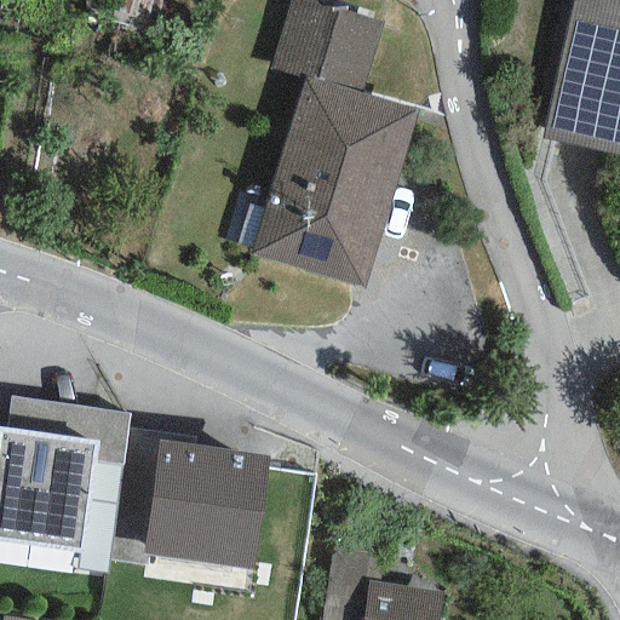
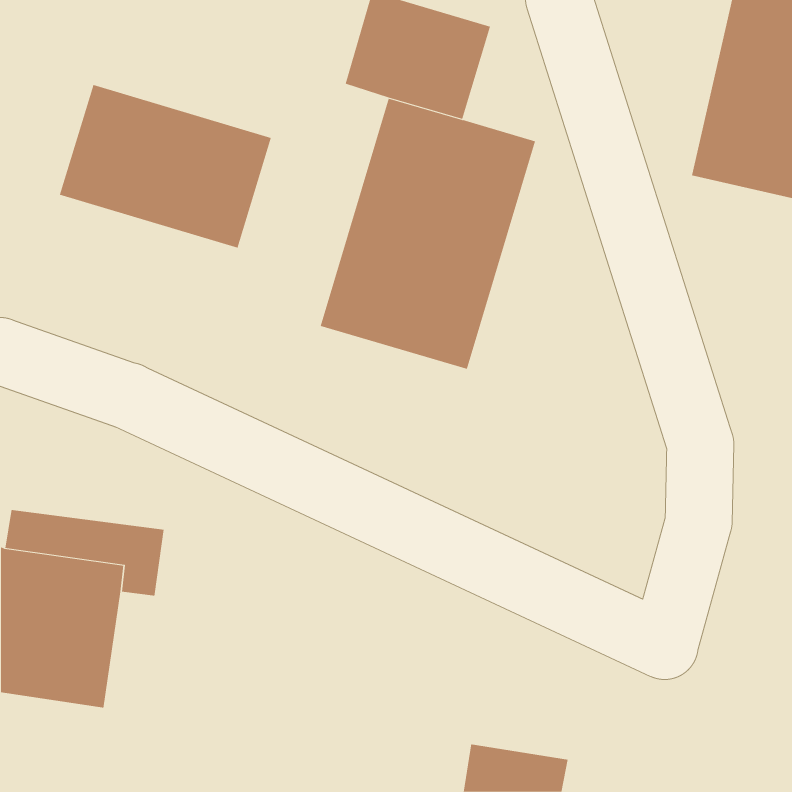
building: none -> [59,84,271,248]
building: [143,440,268,569] -> none

